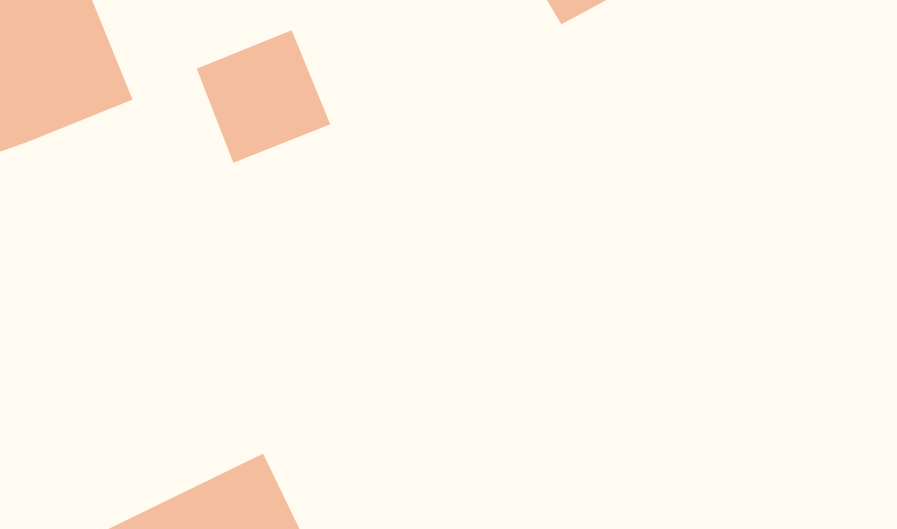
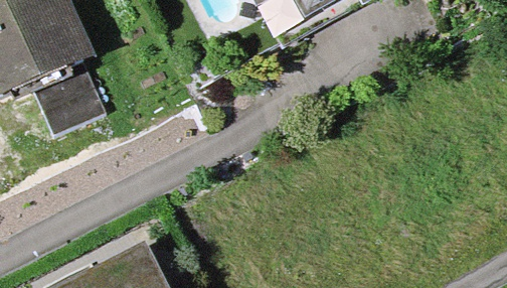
building: [196,30,331,163] -> [22,56,96,129]

